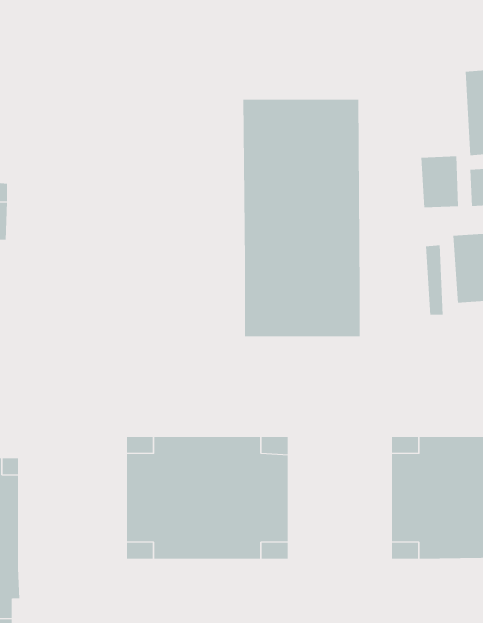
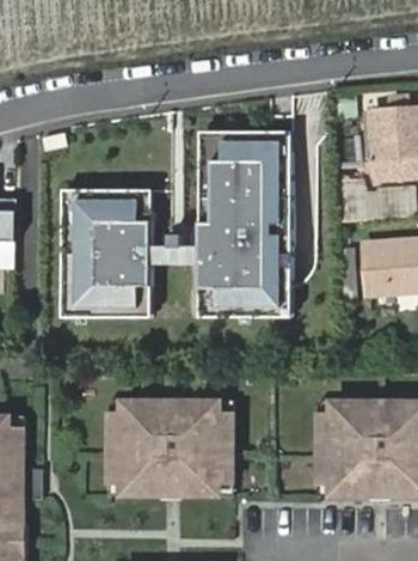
building: none -> [60,194,152,323]

